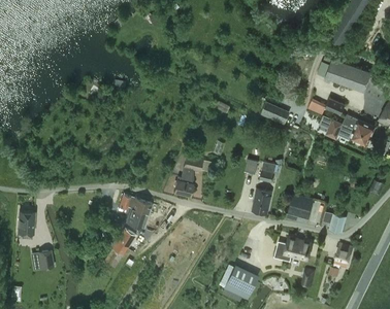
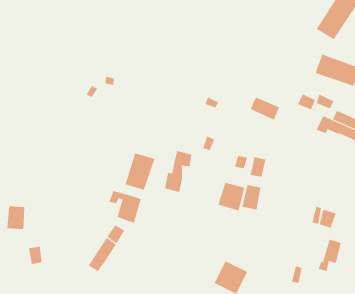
building: none -> [125,152,155,190]
building: [285,194,313,222] -> [218,182,245,211]
building: [273,237,311,261] -> none

